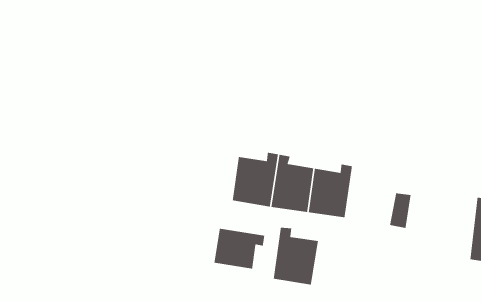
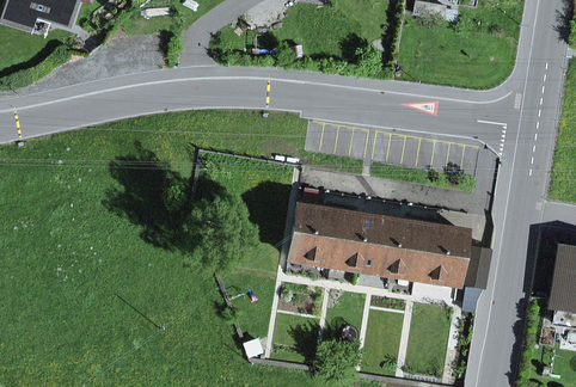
building: [273,227,319,285] -> [415,217,466,283]
building: [214,228,265,269] -> none

